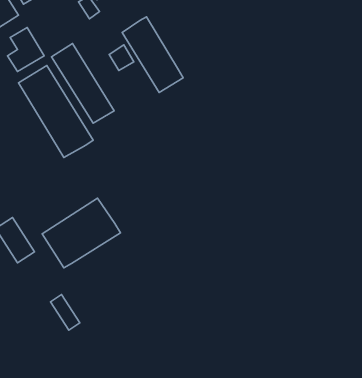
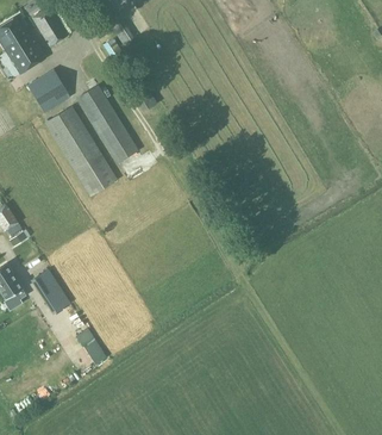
building: [122,17,183,93] -> none
building: [42,198,121,268] -> none

